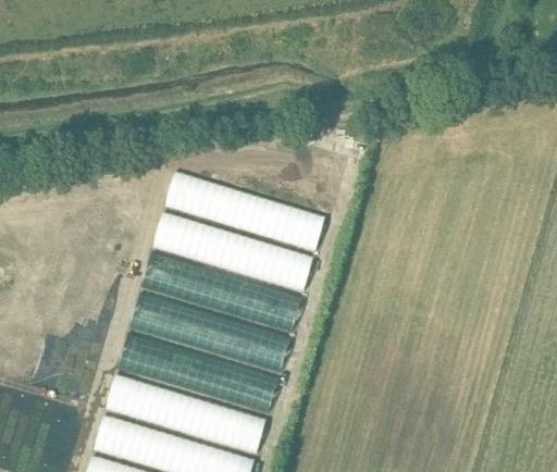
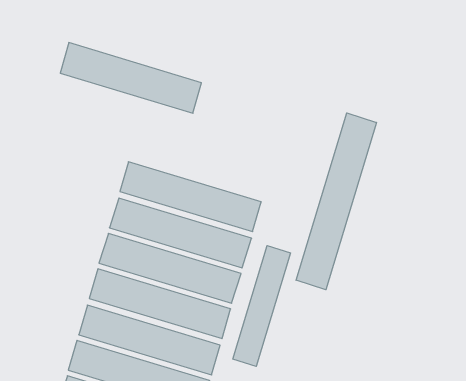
building: none -> [296,113,376,290]
building: [163,172,324,252] -> [60,43,201,113]
building: none -> [233,246,291,366]

